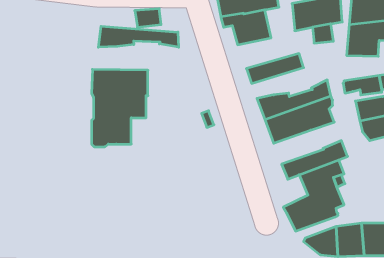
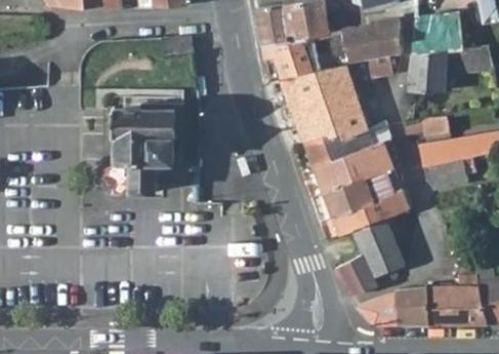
building: [98,26,179,47] -> none
building: none -> [281,63,352,104]
building: none -> [297,103,368,139]
building: none -> [323,166,402,215]

